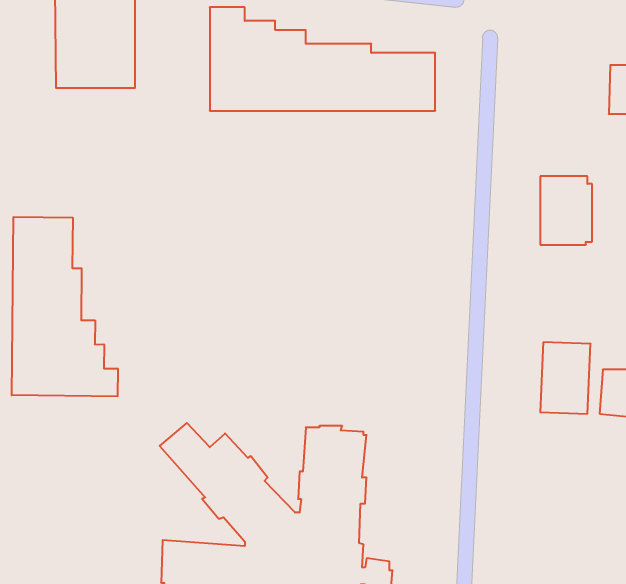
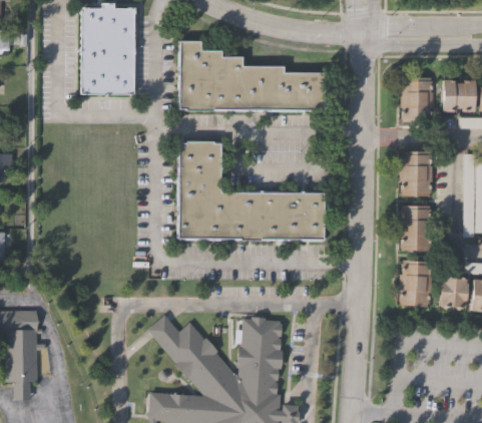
building: none -> [398,79,430,123]
building: none -> [178,139,326,240]
building: [12,217,118,396] -> none
building: none -> [399,208,433,252]

